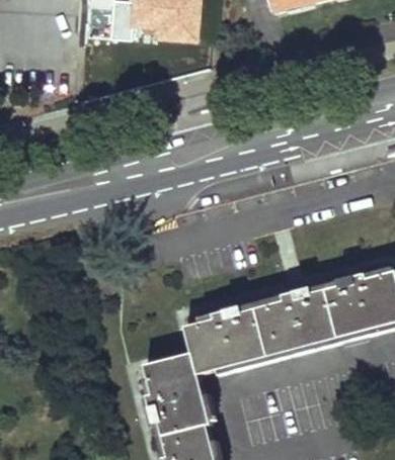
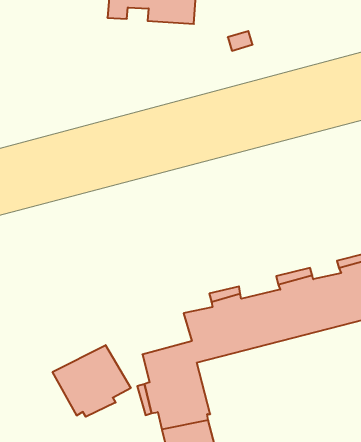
building: none -> [53,345,131,417]

